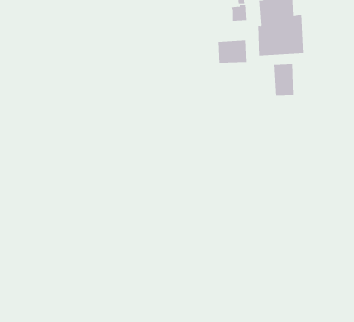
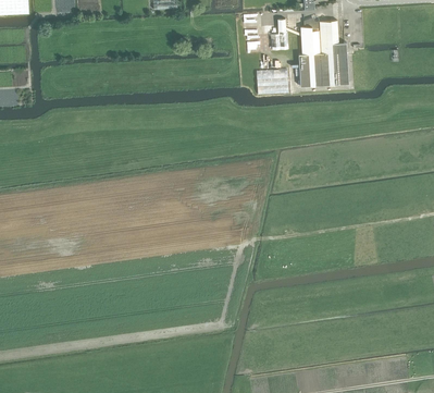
building: [274,63,294,96] -> none

